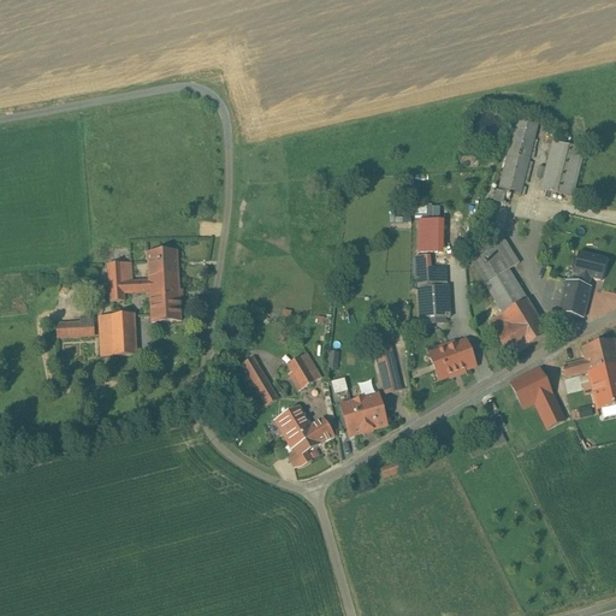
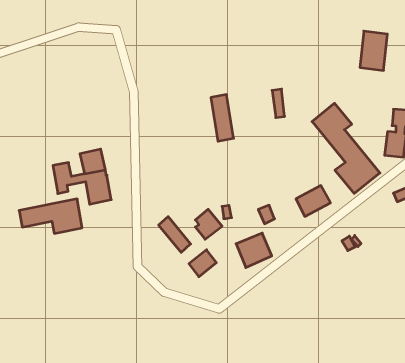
building: [500,118,538,190] -> none
building: [425,261,448,322] -> [211,95,234,141]
building: [513,369,564,427] -> none
building: [285,416,334,468] -> none

